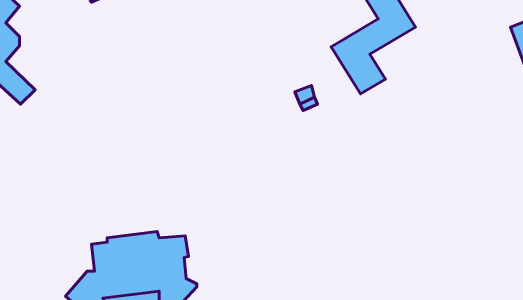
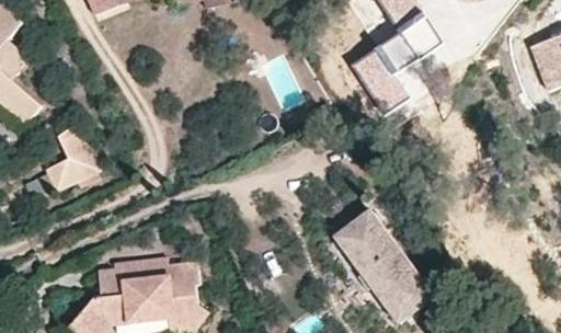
building: none -> [42,129,96,191]
building: none -> [336,210,433,321]

